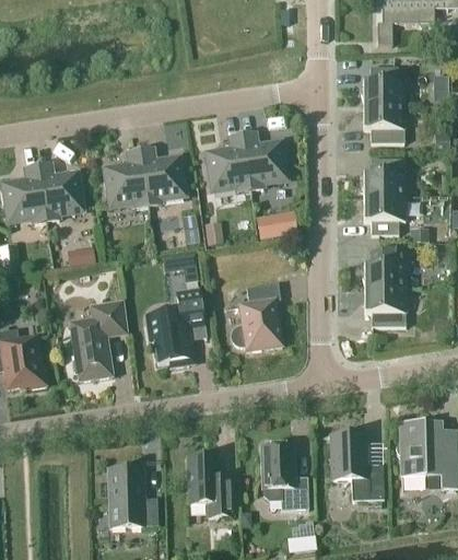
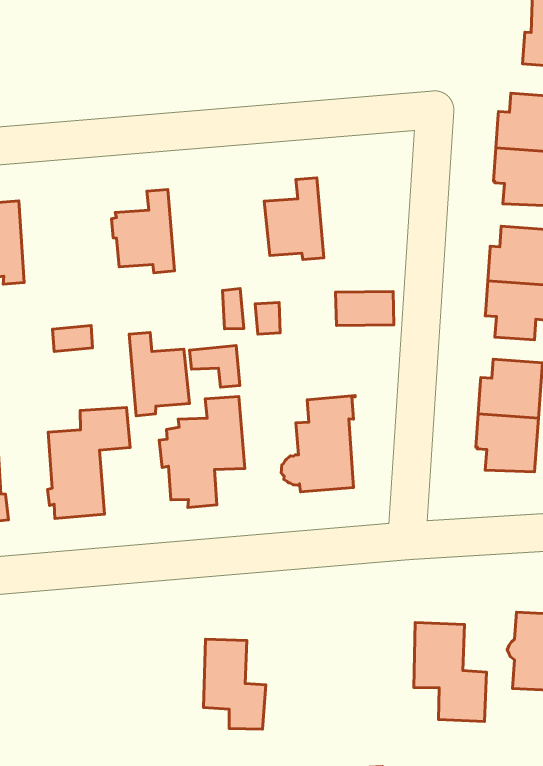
building: [242,131,286,188] -> none
building: [140,147,185,205] -> [129,332,190,416]
building: [38,162,82,220] -> none
building: [263,444,308,509] -> none
building: [108,467,158,526] -> none

